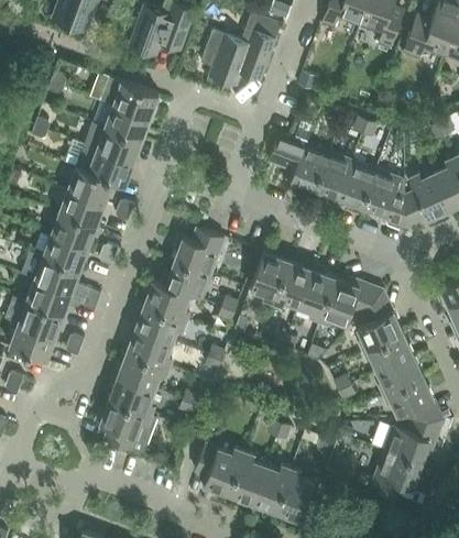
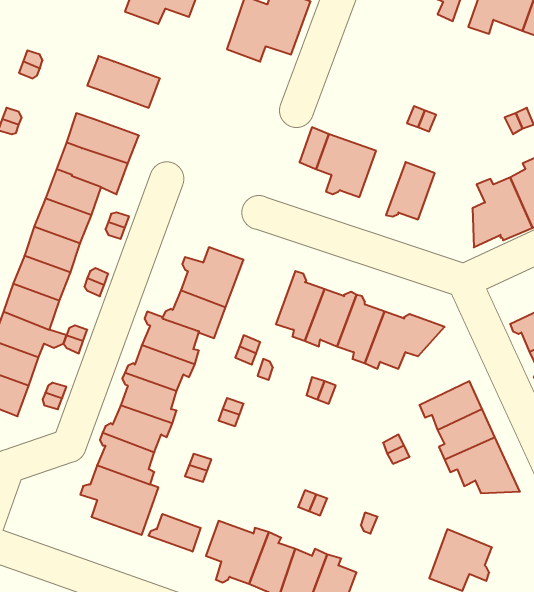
building: [106,105,150,140] -> none
building: [316,152,352,202] -> none
building: [362,169,406,228] -> none
building: [358,290,403,352] -> none
building: [385,420,442,464] -> none
building: none -> [148,514,201,552]

